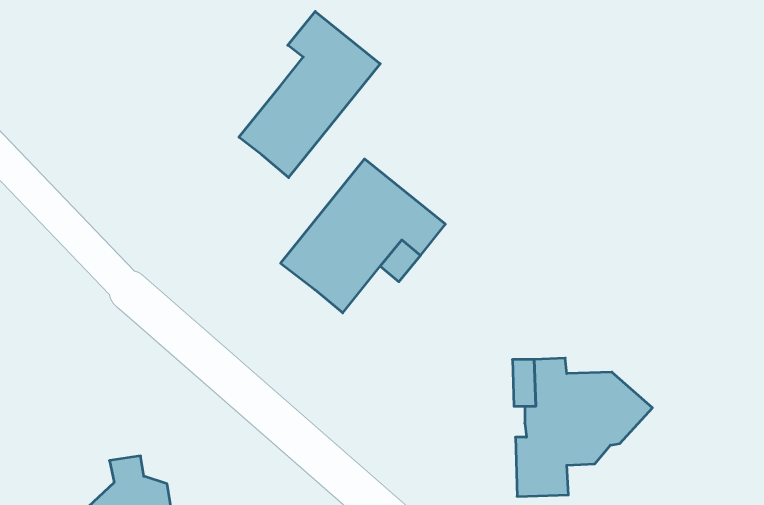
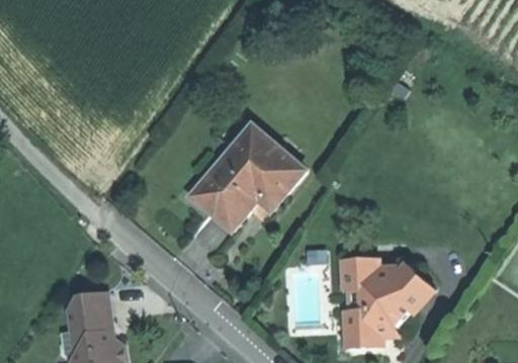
building: [239,11,380,178] -> none
building: none -> [64,291,107,327]

